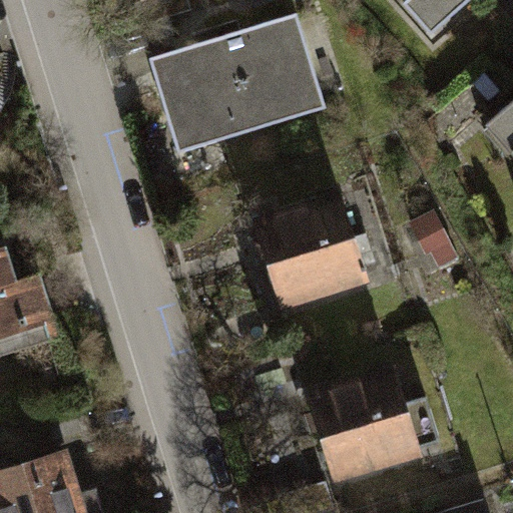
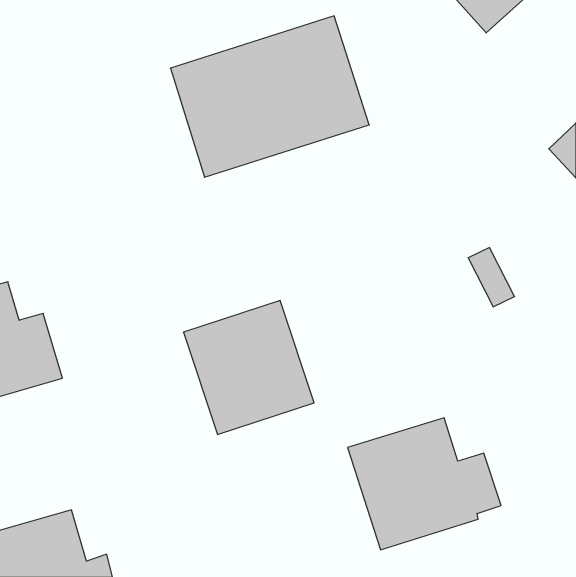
building: [253,196,369,315] -> [183,301,314,435]

